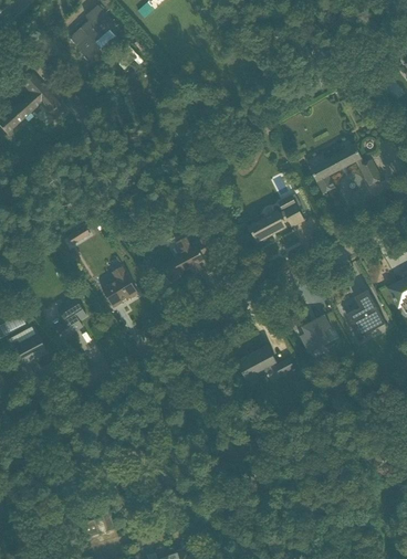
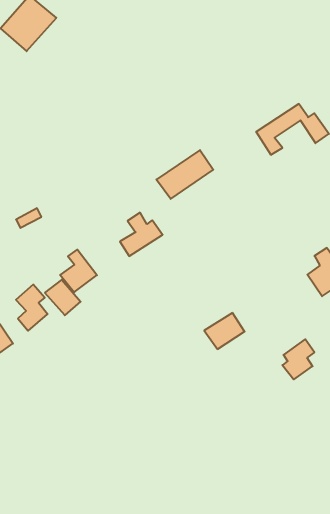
building: [246,199,303,244] -> [156,150,213,199]
building: none -> [45,280,81,315]
building: [299,316,332,355] -> [282,339,314,379]

